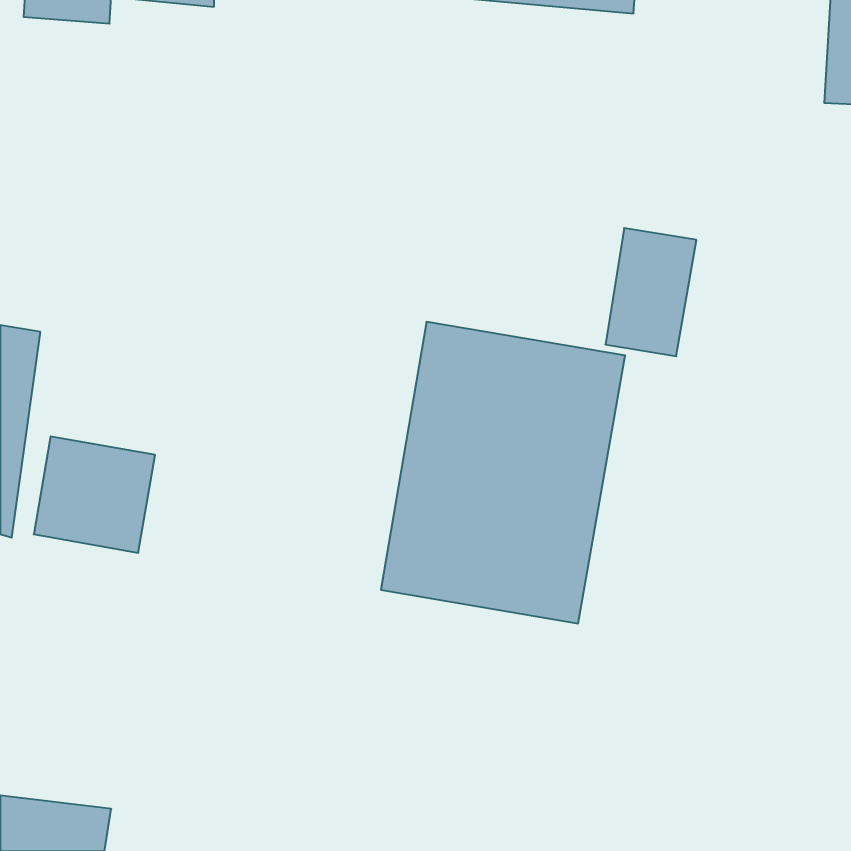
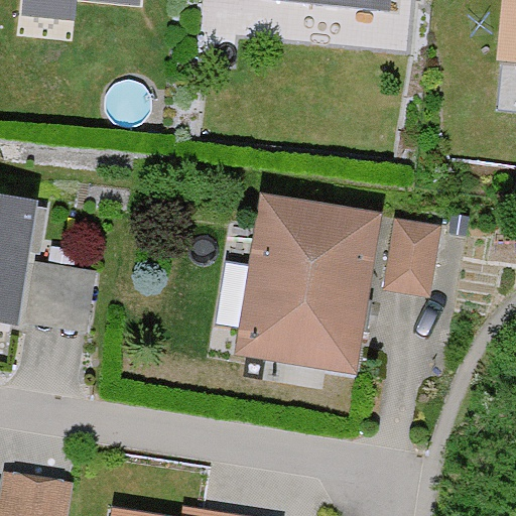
building: [605,228,696,356] -> [385,219,439,295]

